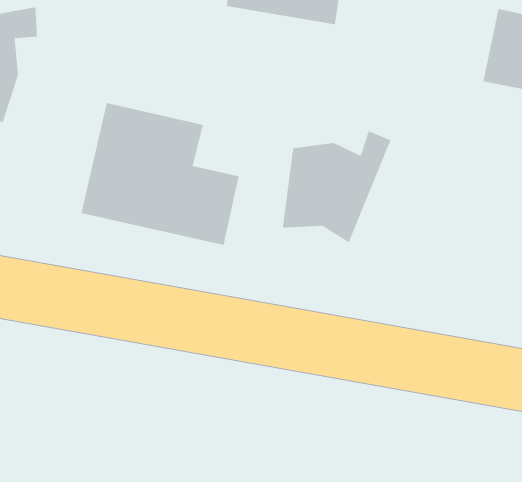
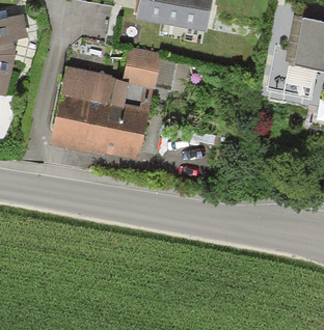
building: none -> [126,58,161,91]
building: [282,130,391,244] -> none

